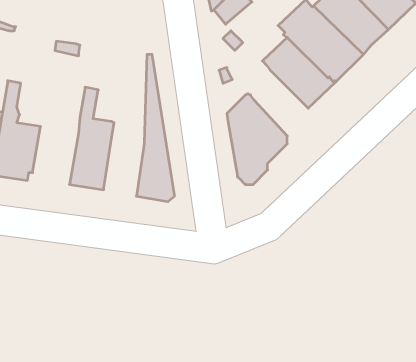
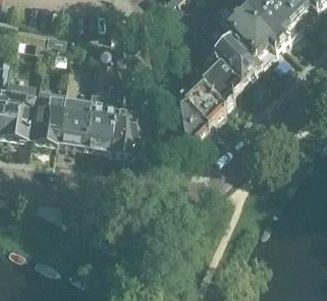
building: none -> [188,51,240,106]
building: none -> [28,87,63,144]
building: none -> [81,108,113,153]

